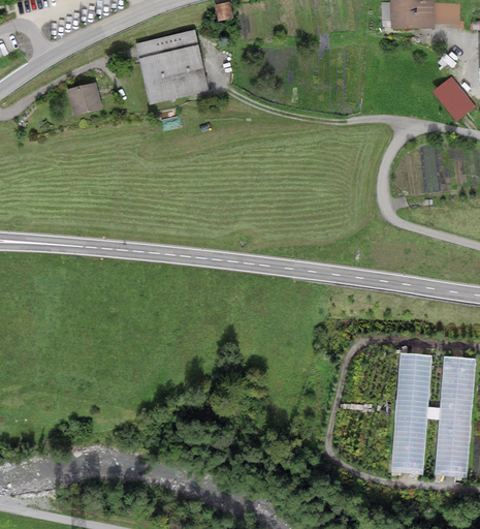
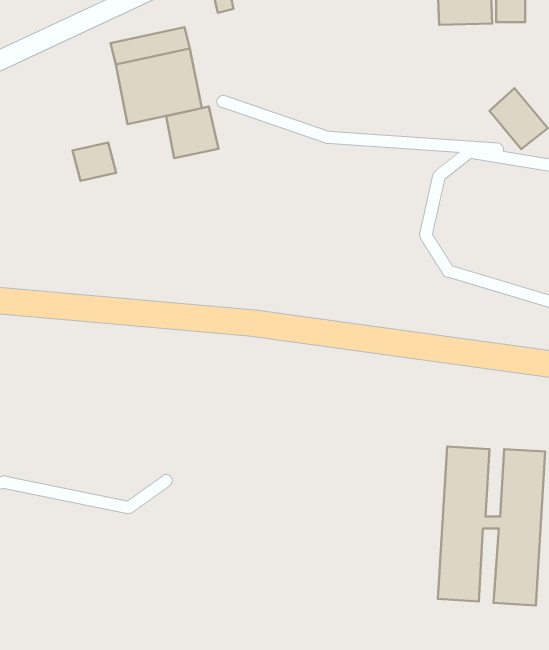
building: [66,83,100,113] -> [72,142,116,181]
building: none -> [166,107,219,158]

